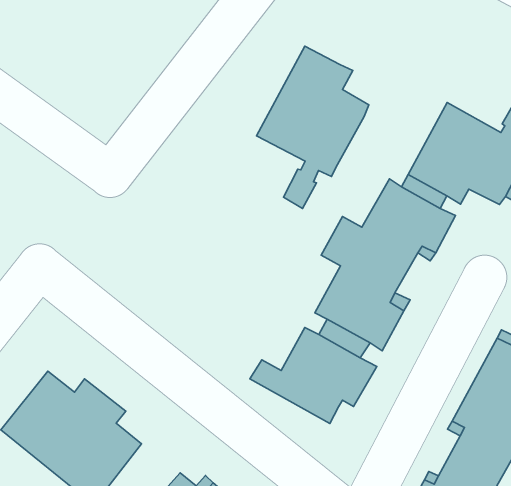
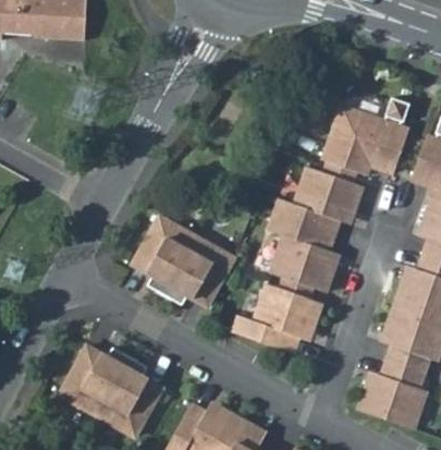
building: [257,46,369,208] -> none
building: none -> [132,218,235,308]

